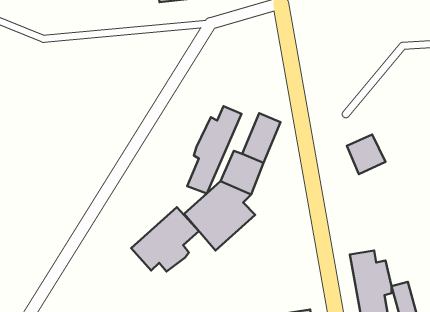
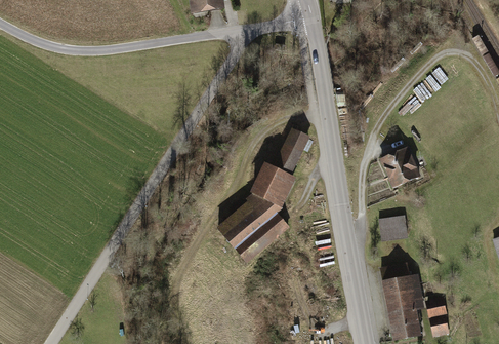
building: [187,106,241,194] -> none
building: none -> [378,217,406,242]
building: [131,207,199,272] -> none

